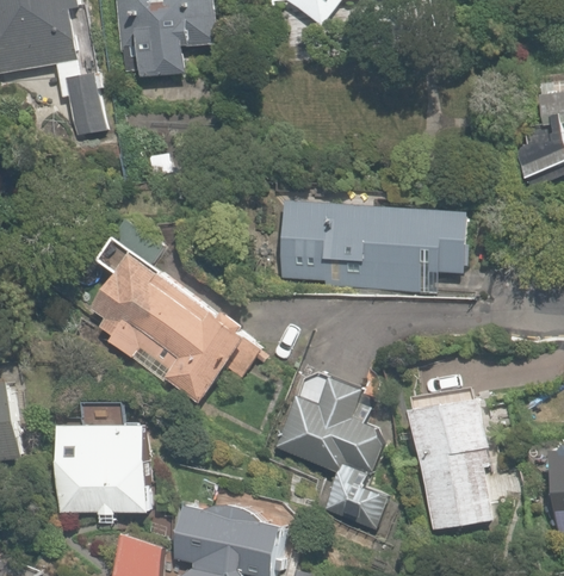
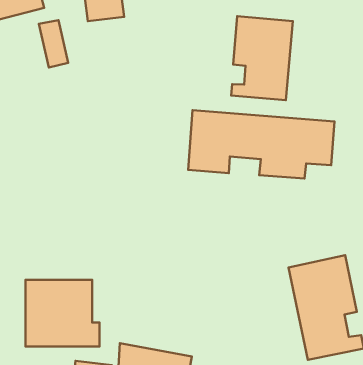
building: none -> [231,16,293,100]
building: [83,248,244,403] -> none
building: [272,378,393,528] -> none

